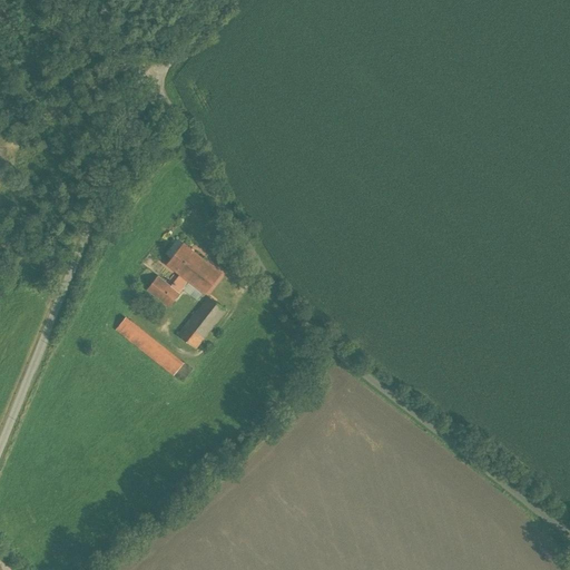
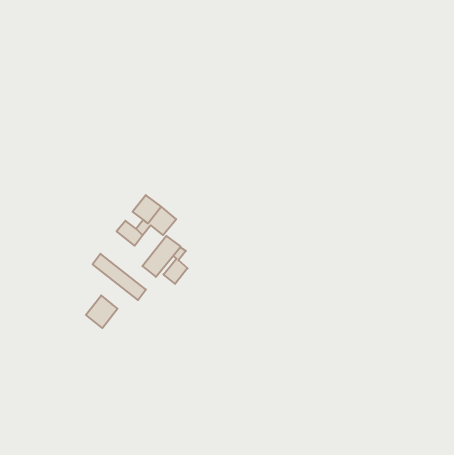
building: none -> [163,247,188,284]
building: none -> [86,295,118,328]

